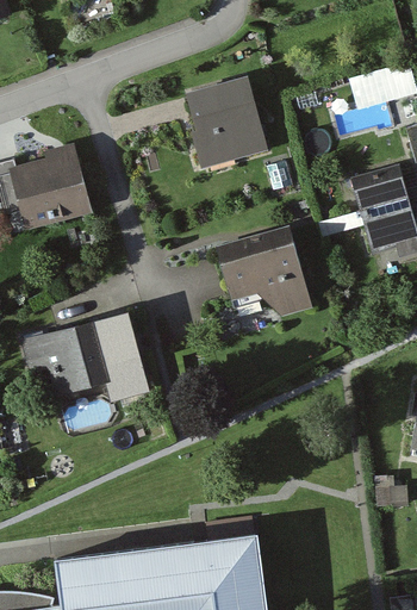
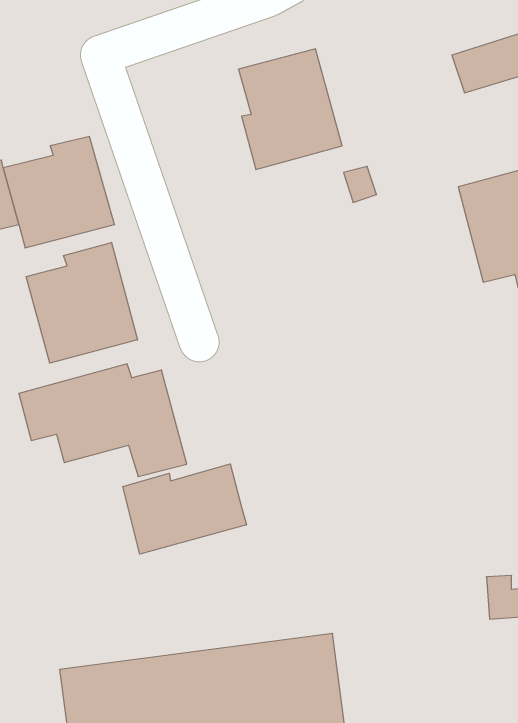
building: none -> [26,242,137,363]
building: [219,235,315,318] -> none
building: none -> [123,464,246,554]

